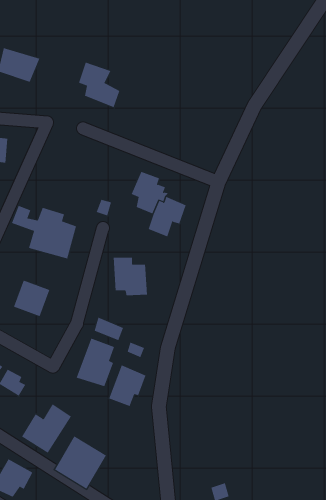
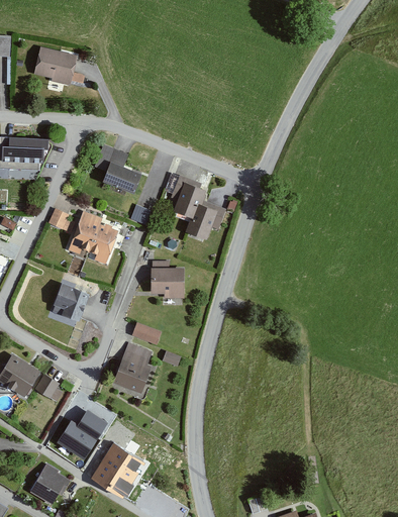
building: [78,62,120,108] -> [95,144,137,191]
building: [108,364,146,407] -> none

